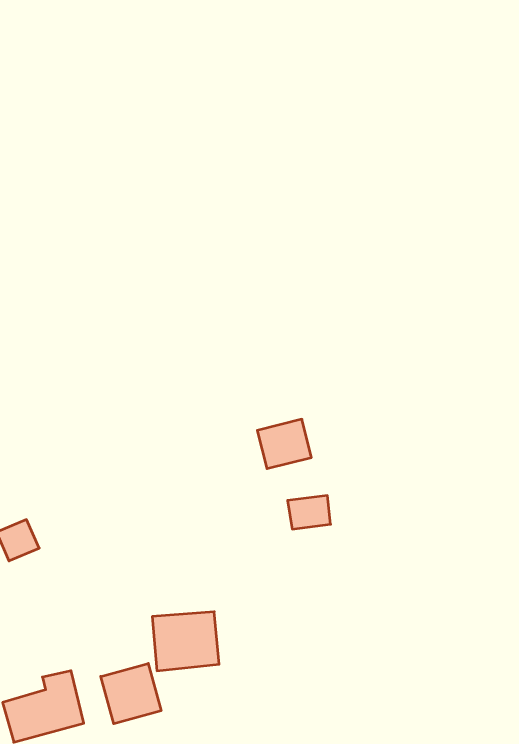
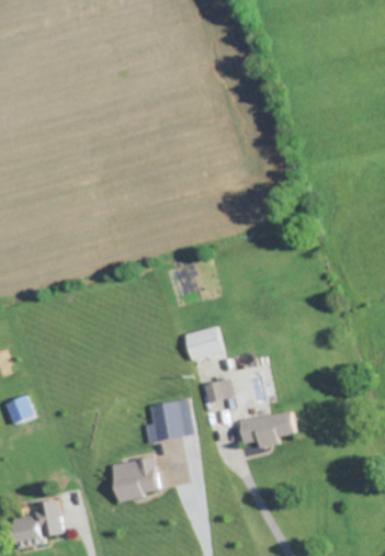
building: none -> [145,398,194,442]
building: none -> [239,411,295,447]
building: [101,663,161,724] -> none

